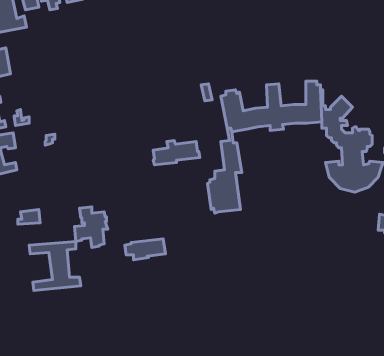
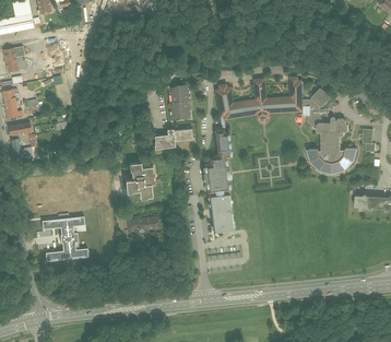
building: none -> [166,82,188,118]
building: [75,207,108,248] -> [126,163,155,199]
building: none -> [211,188,236,227]

